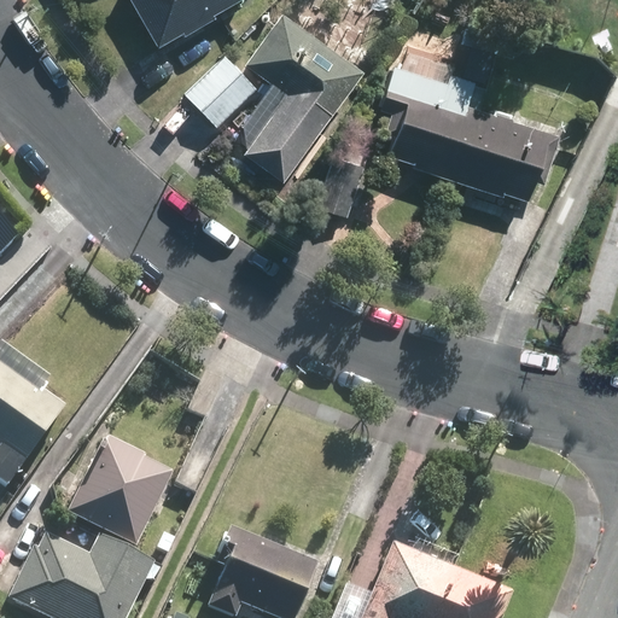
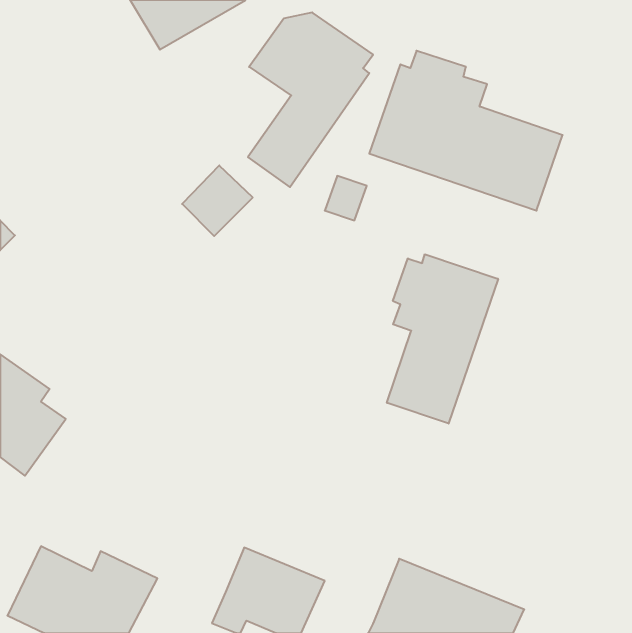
building: [186,57,255,126] -> [182,165,253,236]
building: none -> [387,254,498,424]
building: [68,442,171,547] -> none

